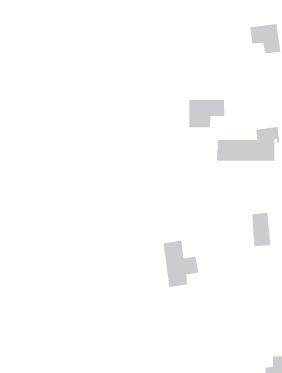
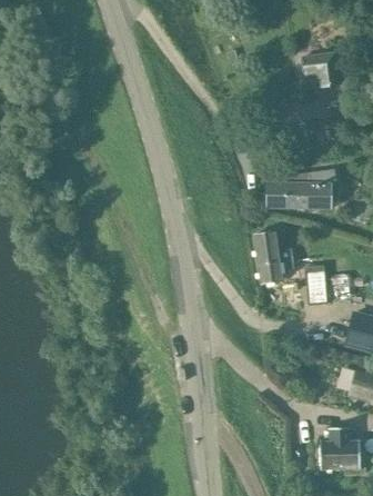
building: [189,99,225,128] -> none
building: [163,240,199,288] -> [253,230,294,284]

